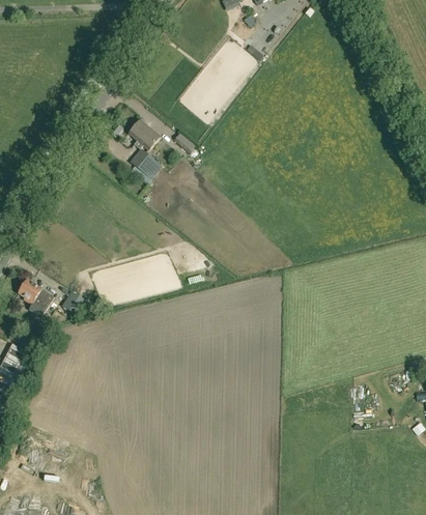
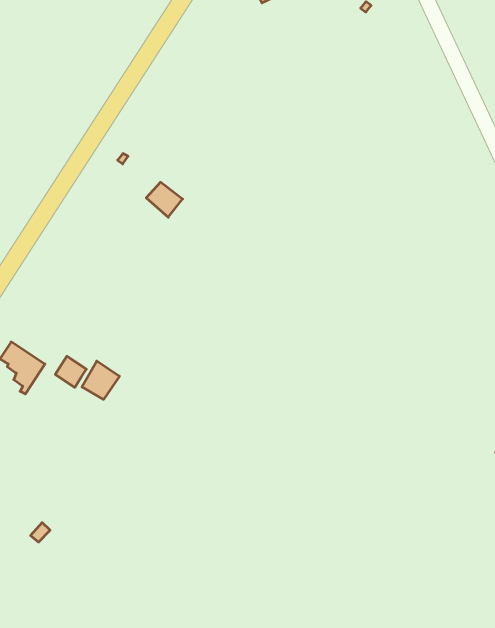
building: [129,118,160,149] -> none
building: none -> [82,361,119,399]

